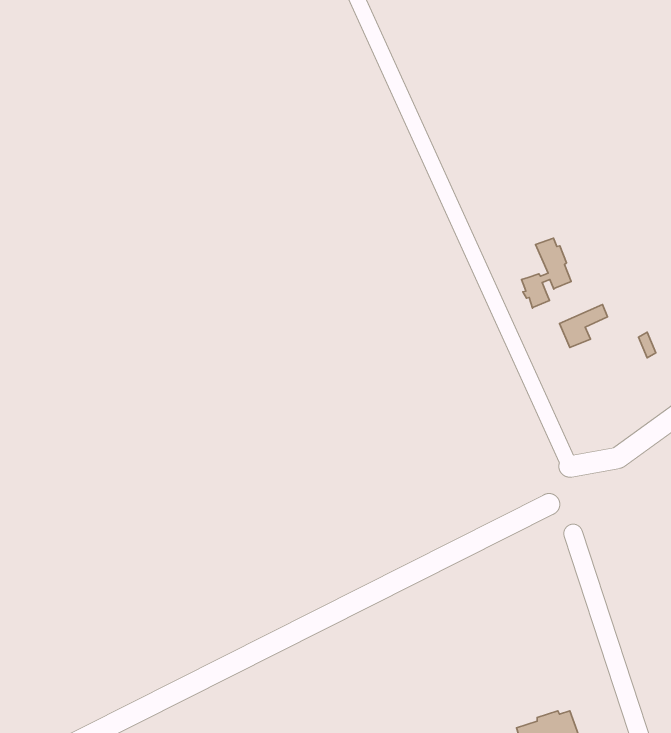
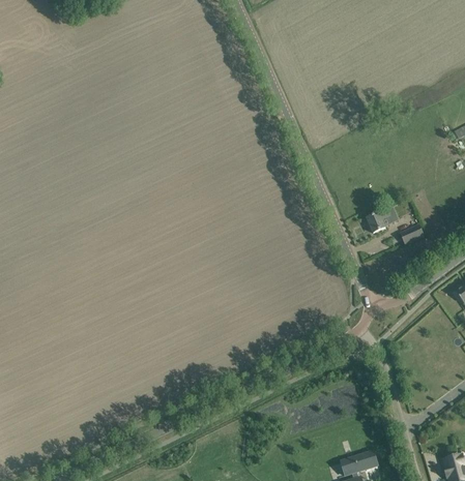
building: [522,238,571,308] -> none

